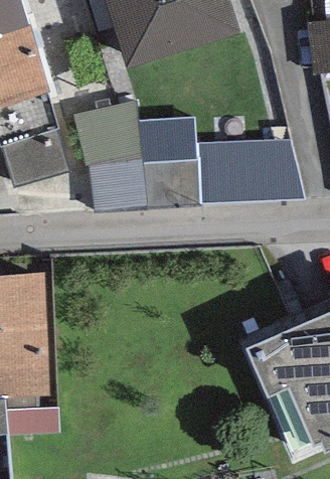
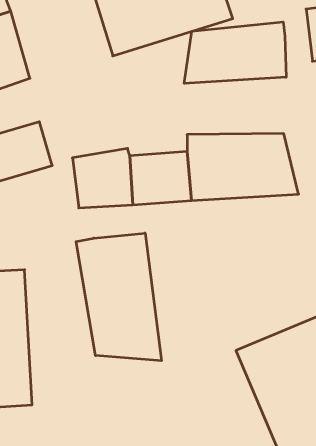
building: none -> [184,22,286,83]
building: [73,100,140,163] -> none
building: none -> [76,233,161,361]

